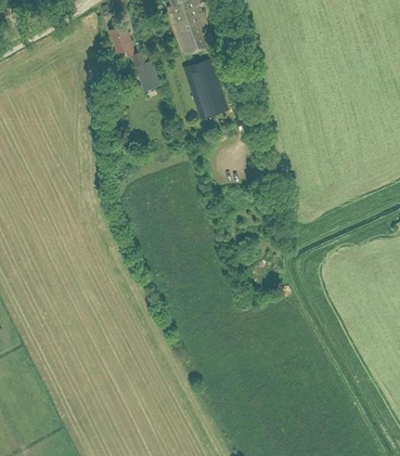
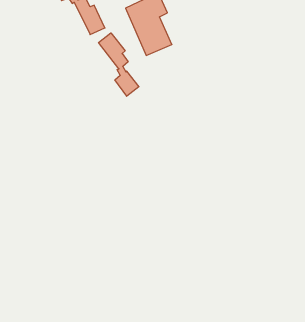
building: none -> [99,33,139,96]

